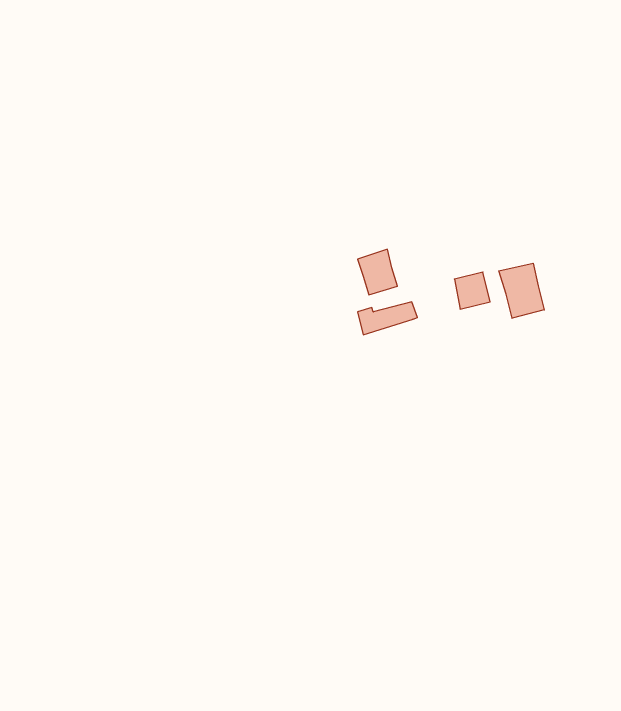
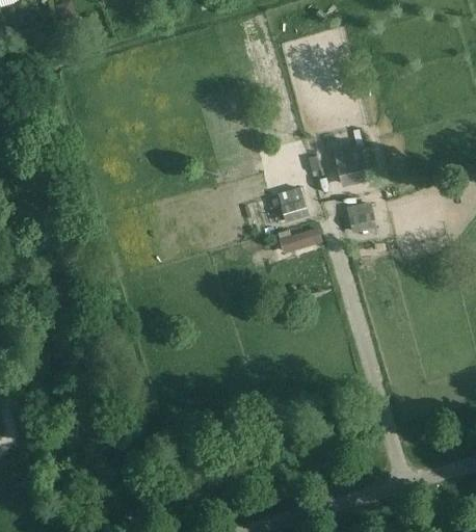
building: none -> [334,147,367,184]
building: [499,263,544,318] -> none

